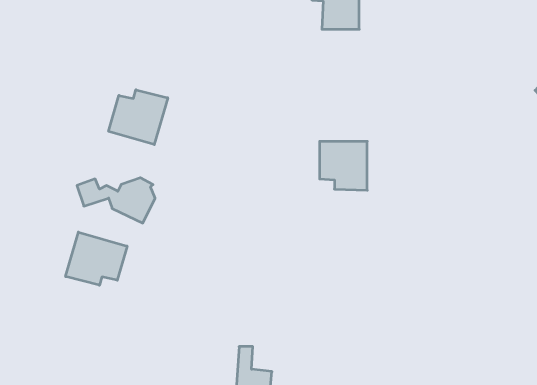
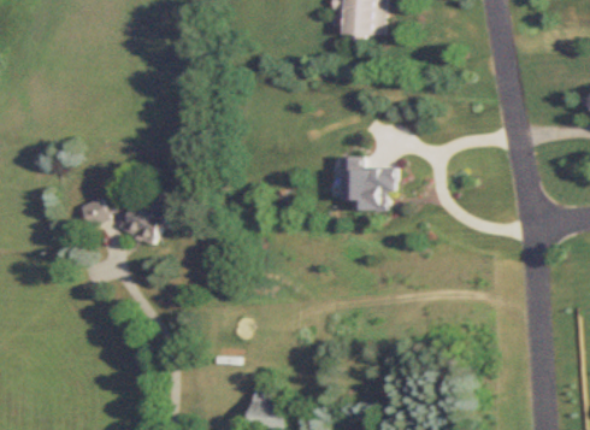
building: [109,90,168,145] -> none
building: [66,232,127,285] -> none

